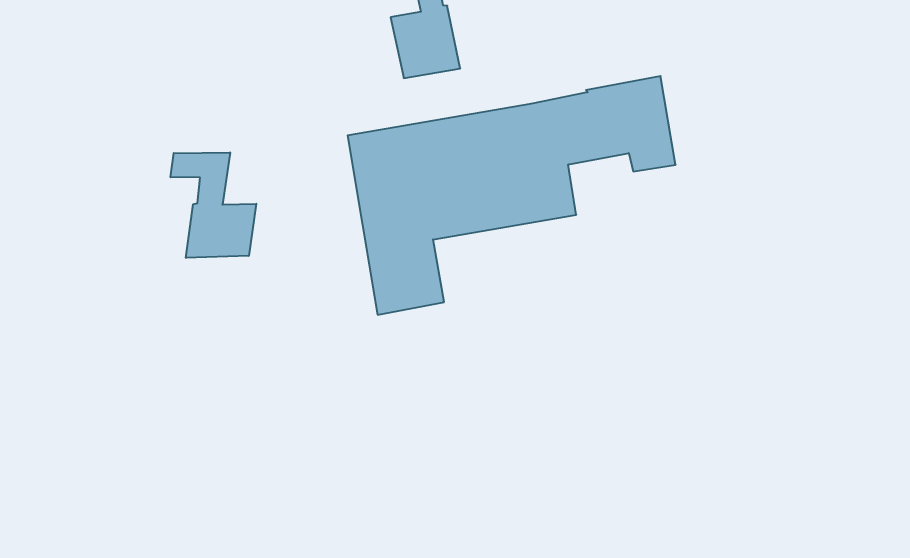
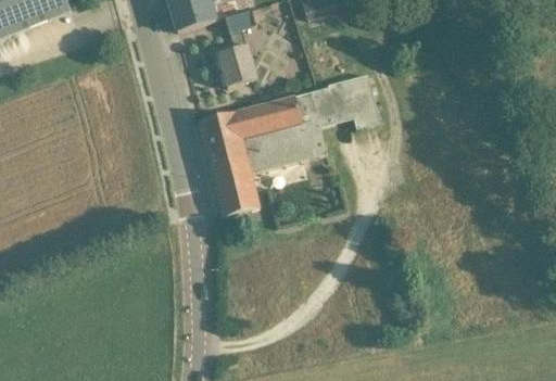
building: [171,152,256,258] -> none

